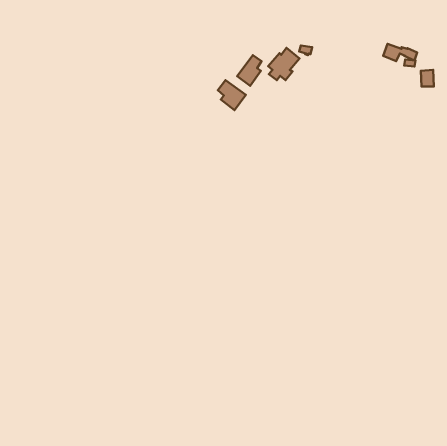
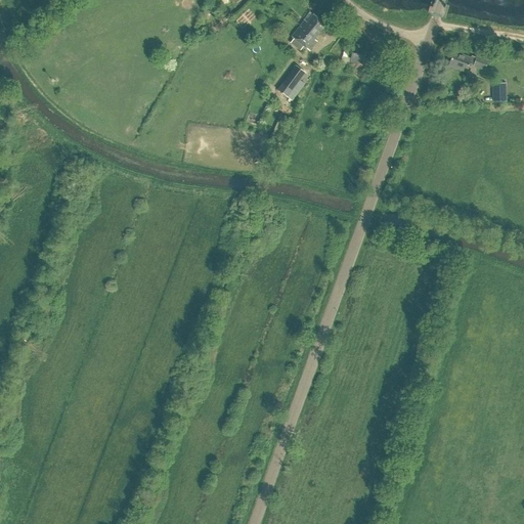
building: [268,48,300,80] -> [290,12,326,50]
building: [218,80,246,110] -> none

